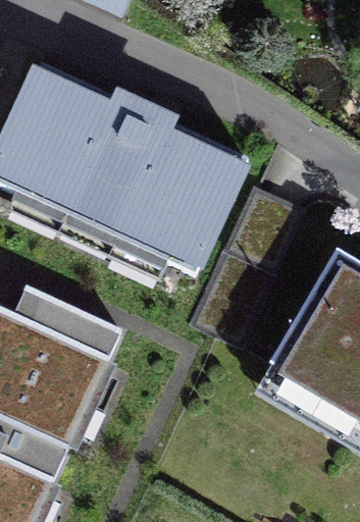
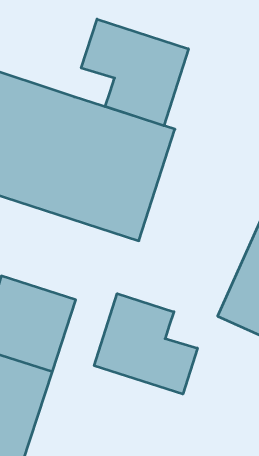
building: none -> [81,19,188,126]
building: none -> [94,294,197,394]

